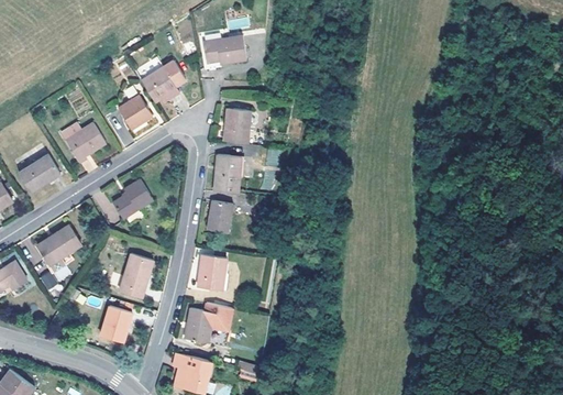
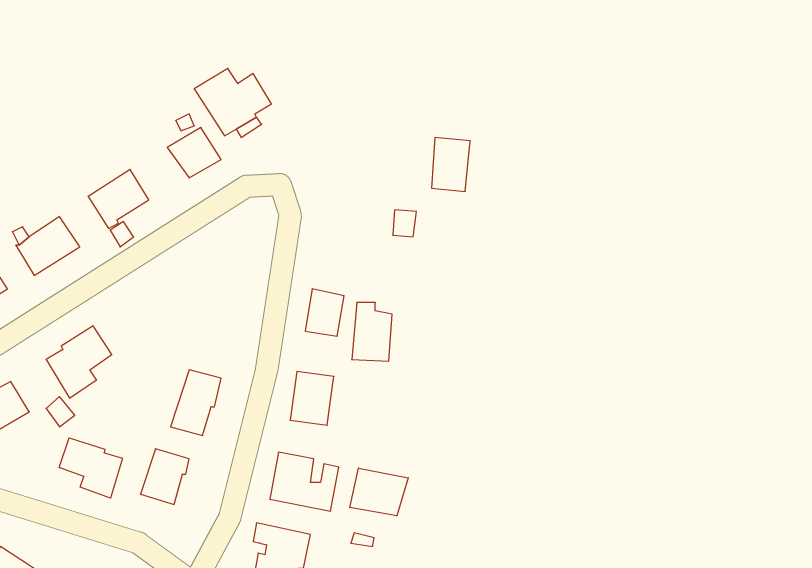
building: [203,35,247,63] -> none
building: [225,108,251,143] -> [432,138,470,191]
building: [214,155,241,194] -> [352,302,392,361]
building: [113,179,153,219] -> none
building: none -> [59,438,123,498]
building: none -> [350,468,408,516]

